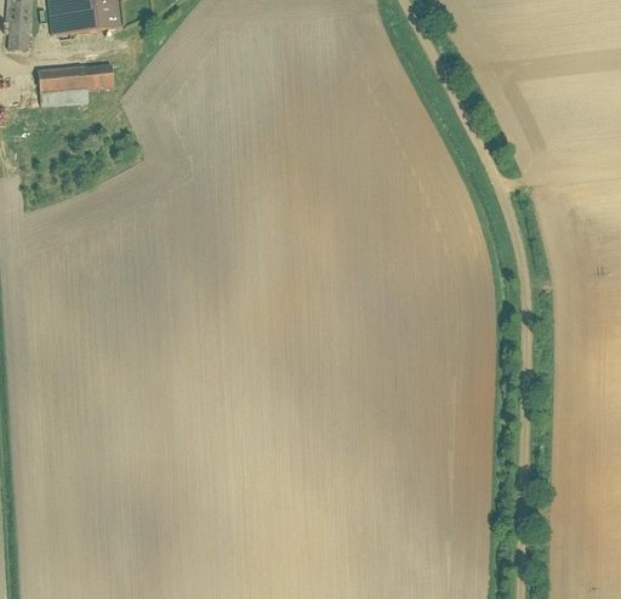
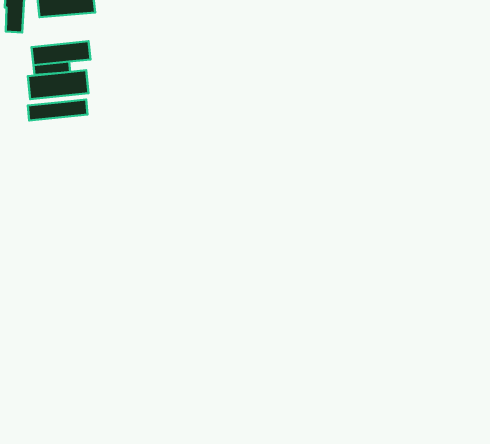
building: none -> [28,70,88,99]
building: none -> [28,100,88,120]

